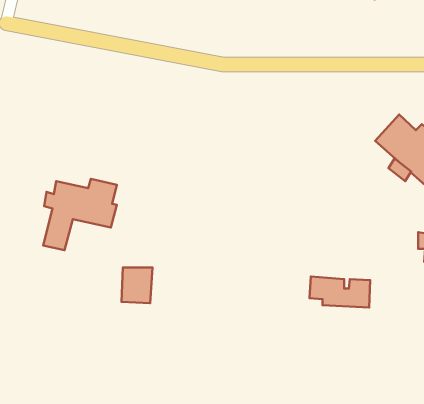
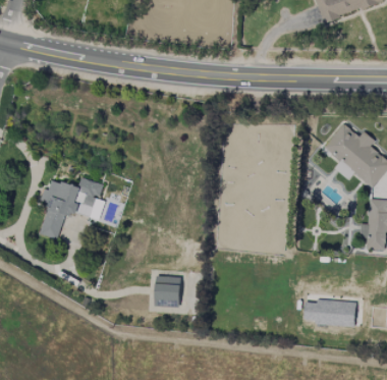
building: [122,267,153,303] -> [155,276,181,307]
building: [309,277,370,308] -> [303,300,355,326]

